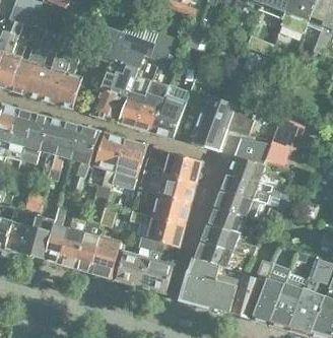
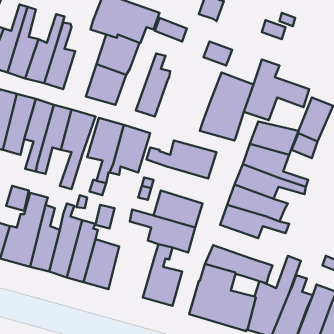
building: [117,75,151,126] -> none
building: [150,84,190,138] -> none
building: [155,174,196,205] -> none
building: [200,223,256,258] -> none
building: [115,235,153,285] -> none

